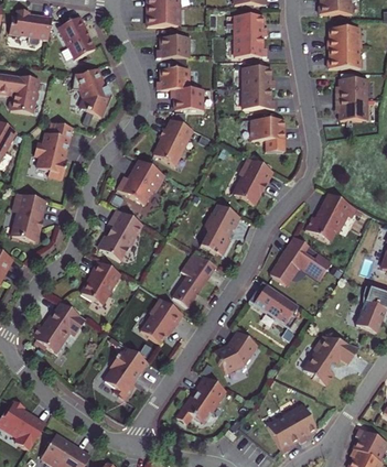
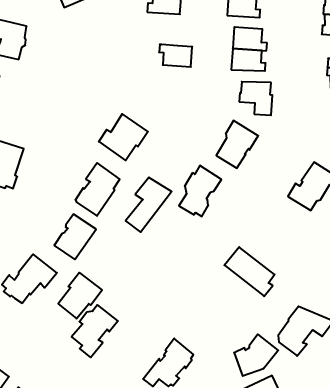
building: [73,67,112,116] -> none
building: [157,67,189,88] -> none
building: [154,119,192,164] -> none
building: [34,122,73,177] -> none
building: [270,236,332,284] -> none
building: [173,252,216,306] -> [126,177,172,232]
building: [141,297,183,343] -> [58,273,102,319]
building: [215,330,258,372] -> [234,334,278,376]

